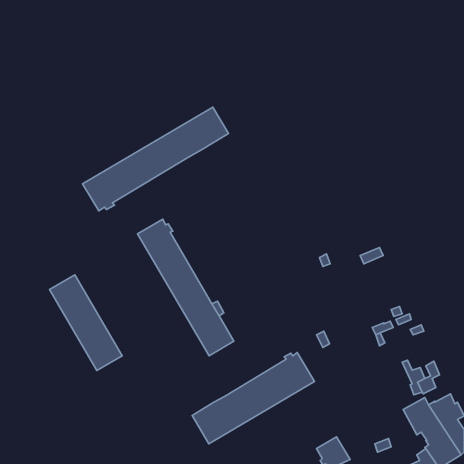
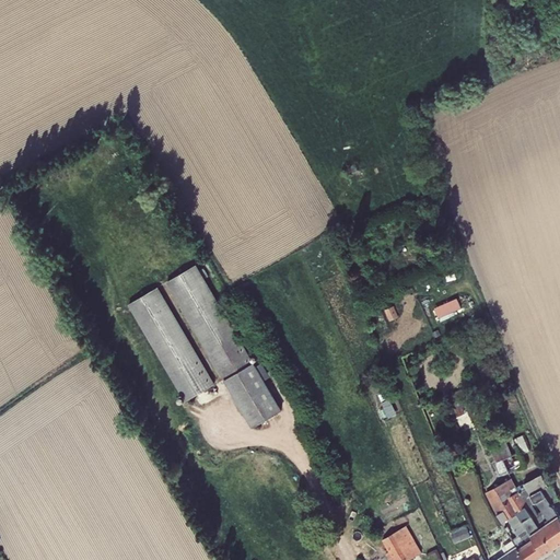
building: [83,107,228,211] -> none
building: [49,275,122,371] -> [127,288,214,402]
building: [192,353,315,444] -> none

